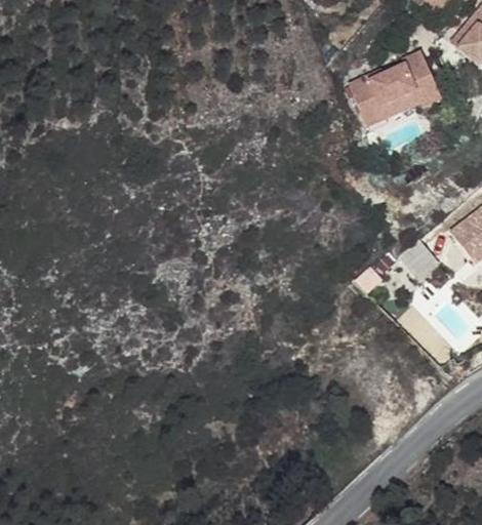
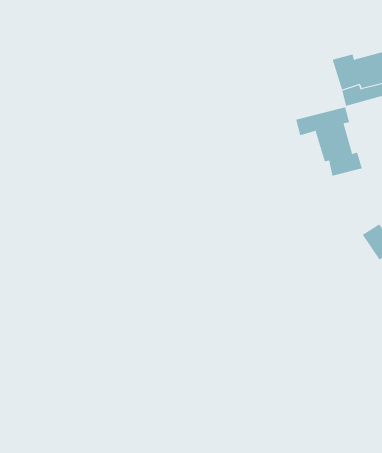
building: none -> [295,106,363,177]

